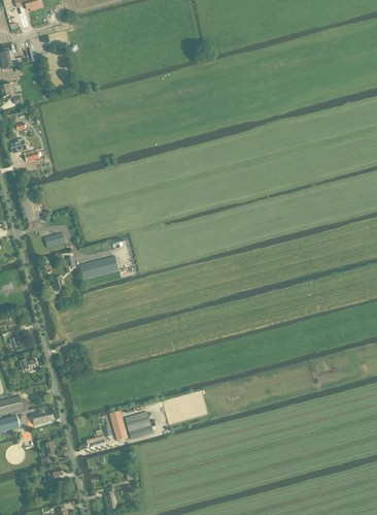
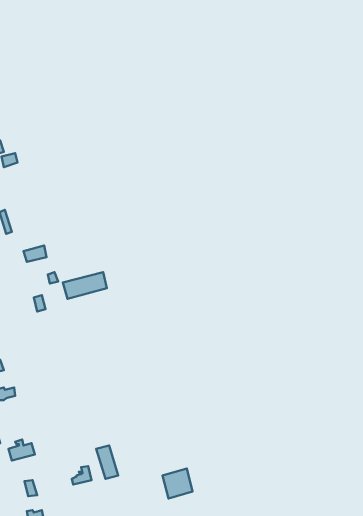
building: [125,411,151,438] -> [163,469,193,499]

